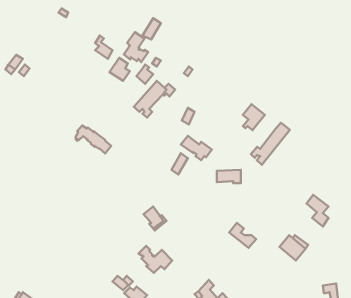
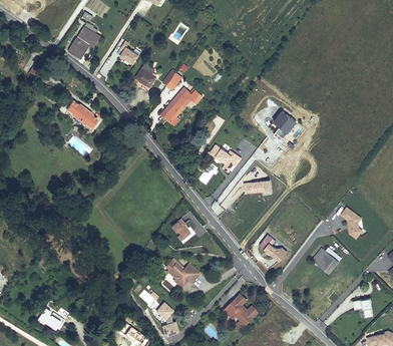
building: none -> [67,23,99,58]
building: [124,32,148,62] -> none
building: [251,123,290,165] -> none
building: [75,126,111,153] -> [59,98,96,127]

